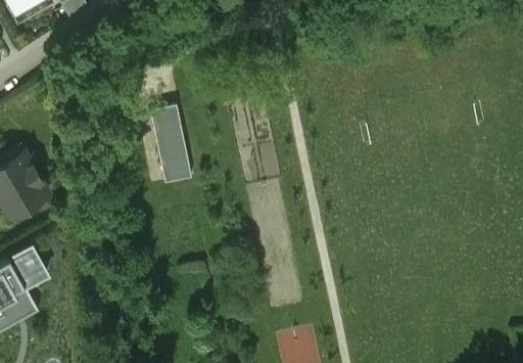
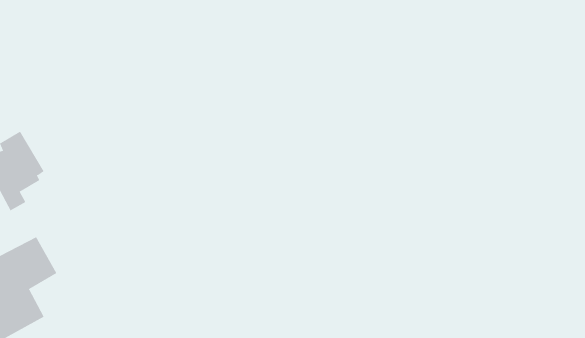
building: [148,106,191,185] -> none

